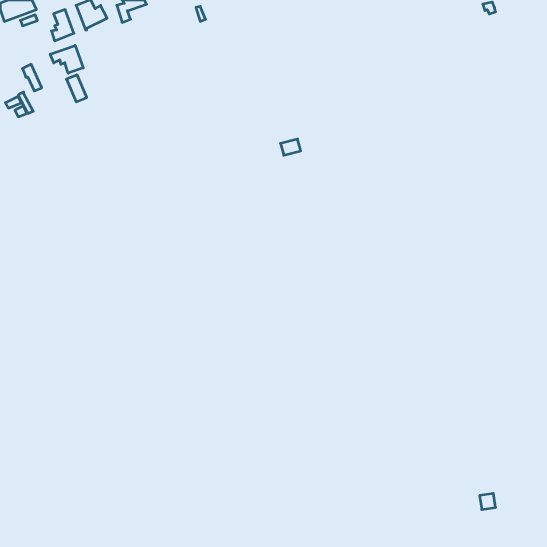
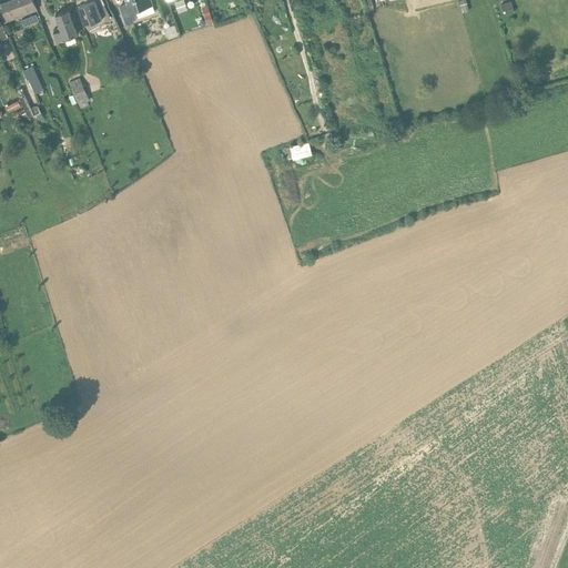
building: [50,45,83,73] -> none

